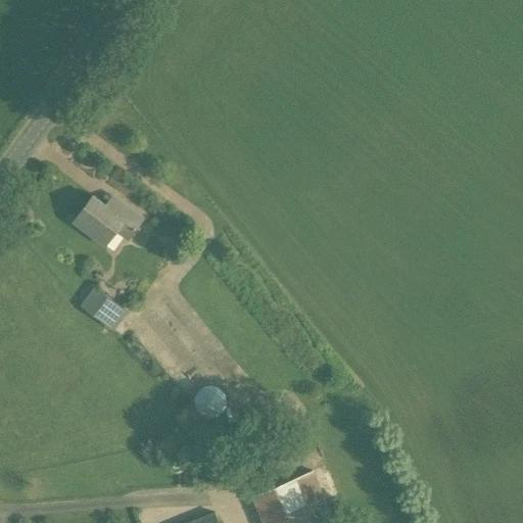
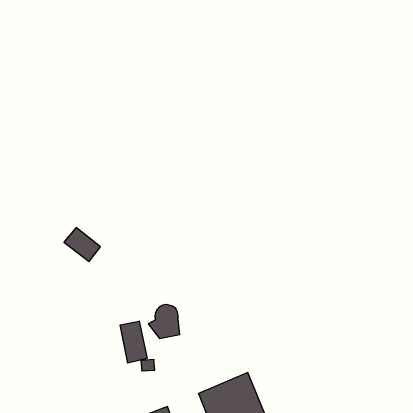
building: [72,194,143,246] -> none
building: none -> [120,321,147,363]

